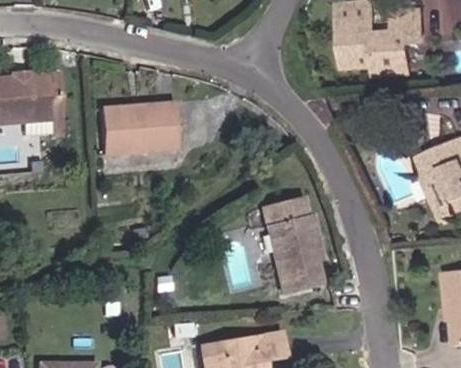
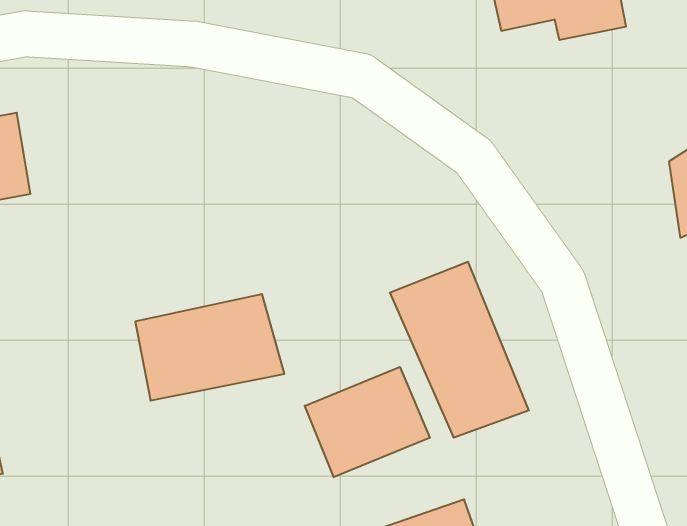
building: [104,100,184,151] -> [135,294,284,401]
building: none -> [305,367,430,477]

